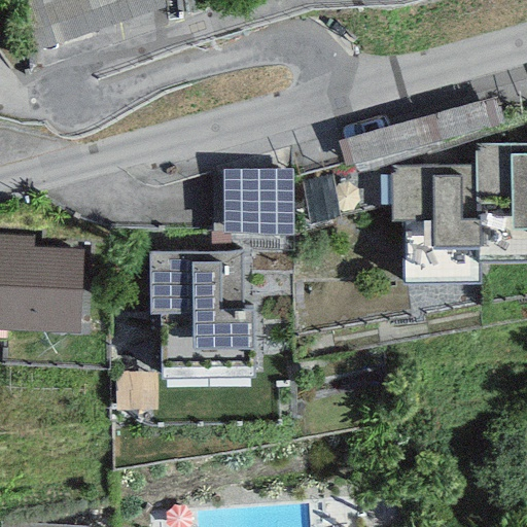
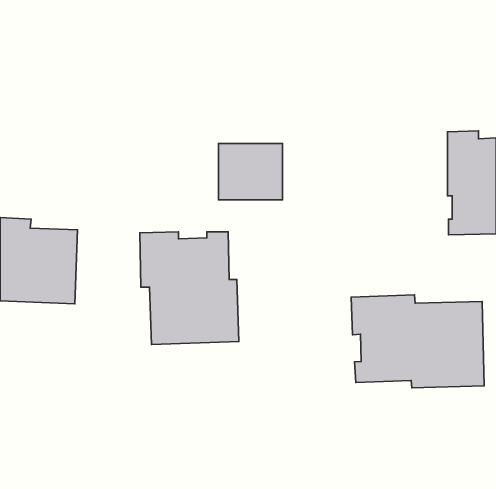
building: [389,168,480,278] -> none
building: none -> [351,295,484,388]

